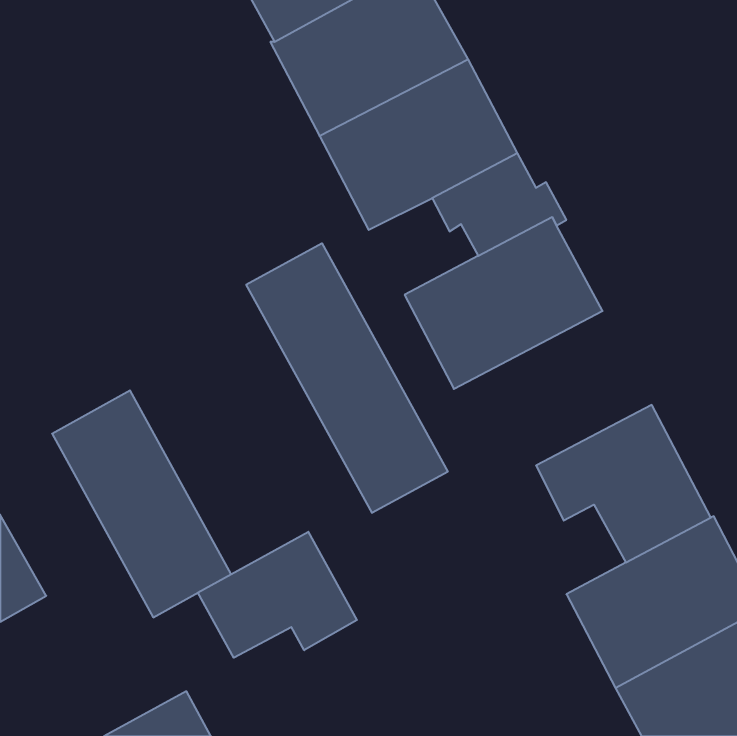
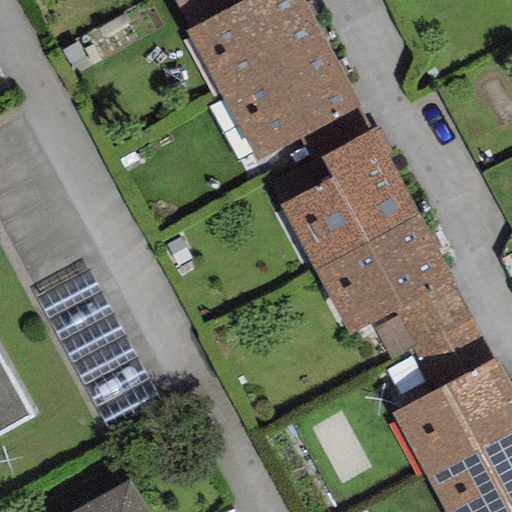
building: [246,243,448,513] -> none
building: none -> [315,215,452,334]
building: [198,532,357,658] -> none

